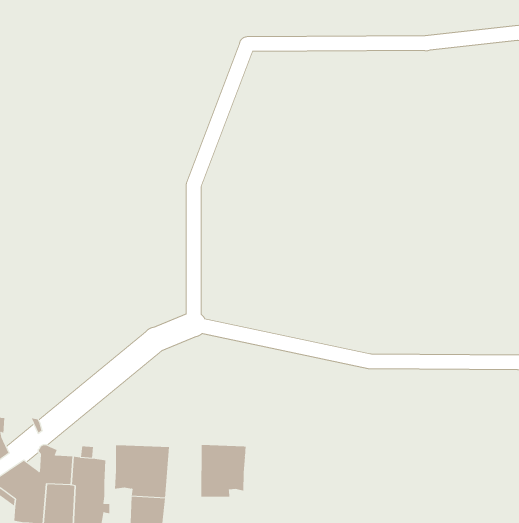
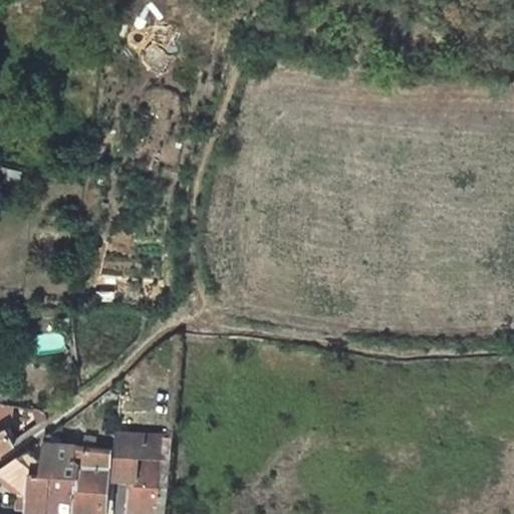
building: [201,444,246,498] -> none

